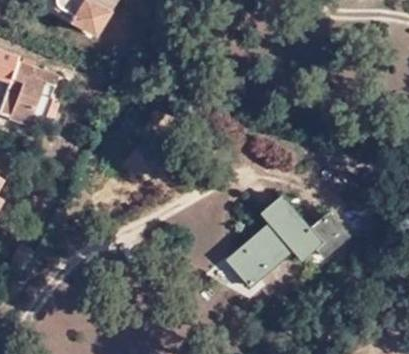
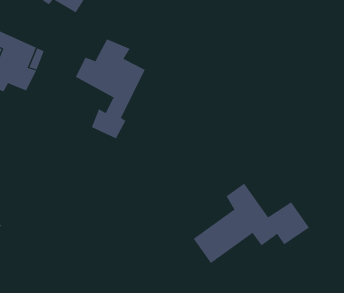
building: none -> [75,38,145,139]

